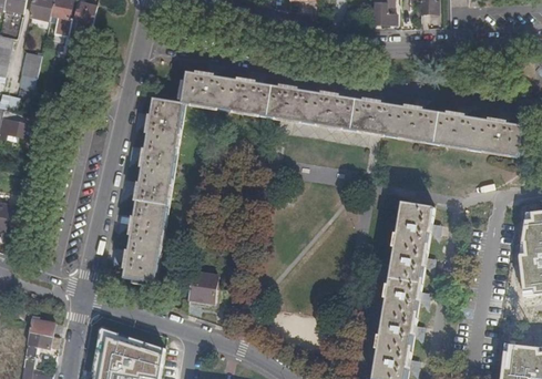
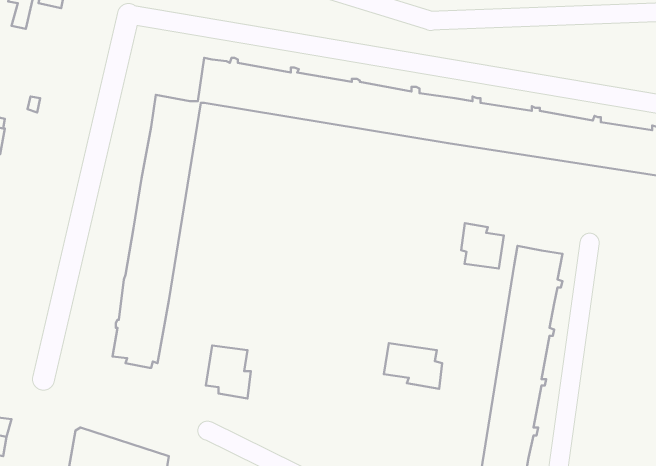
building: none -> [461,223,504,268]
building: none -> [384,343,442,389]

